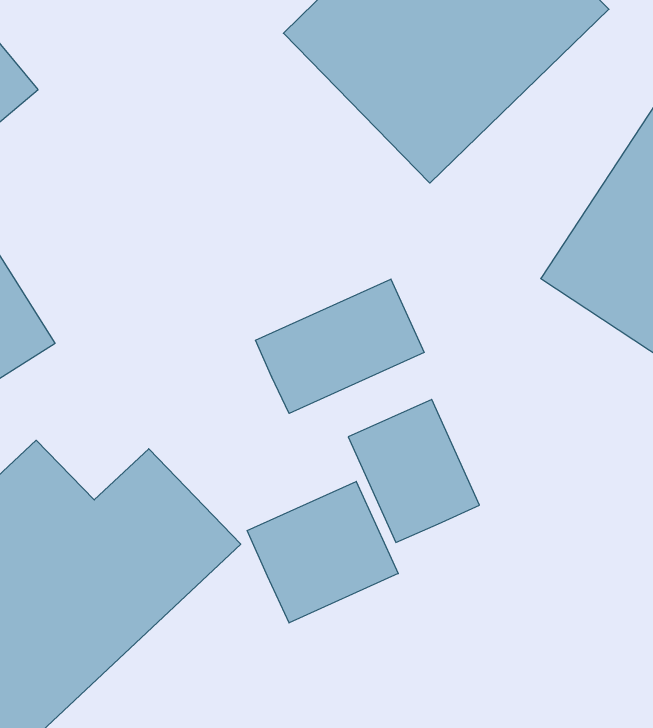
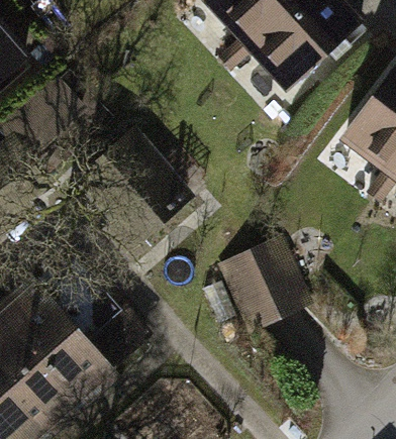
building: [256,279,424,413] -> none
building: [247,481,398,623] -> none

